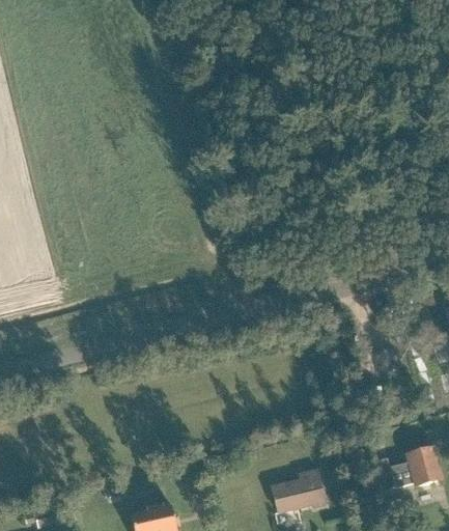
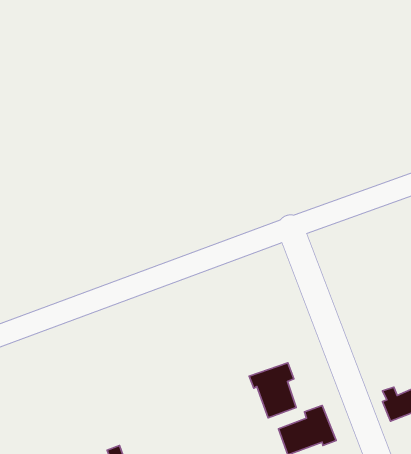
building: none -> [249,363,296,418]

